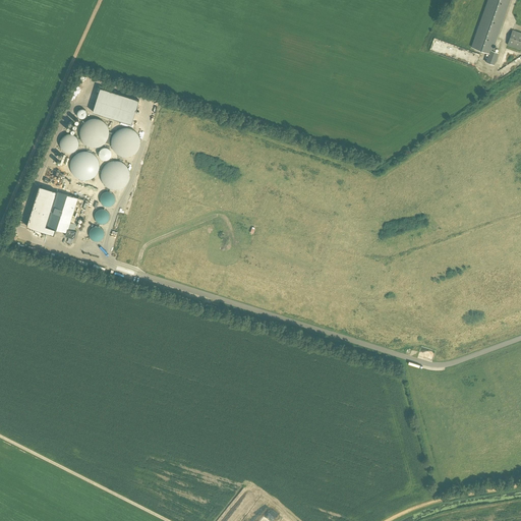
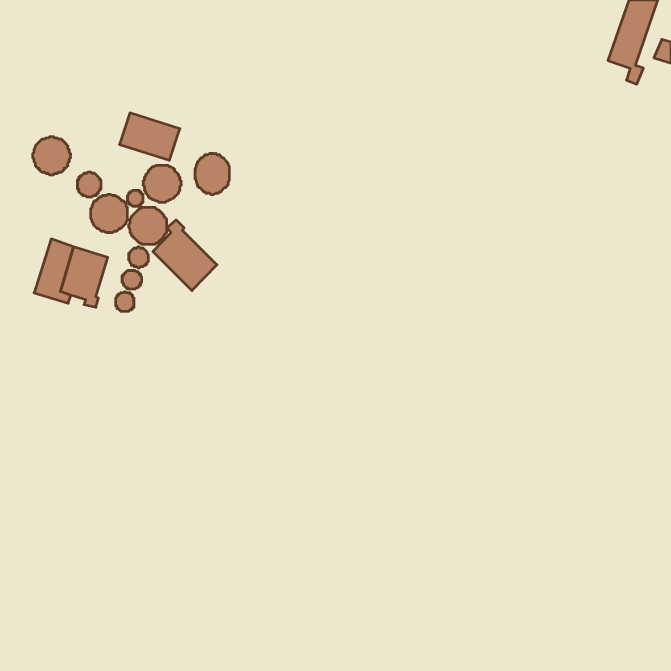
building: [79,118,109,148] -> [33,137,71,175]
building: none -> [195,153,229,195]
building: none -> [153,220,217,291]

